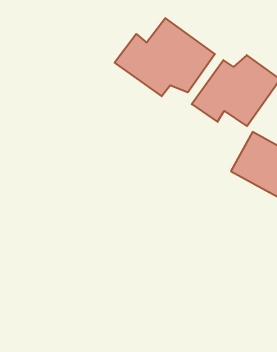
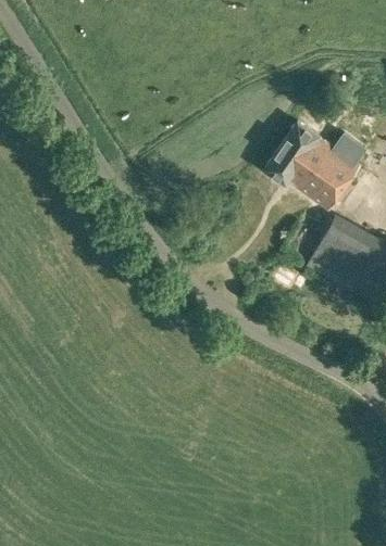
building: [115,18,215,96] -> none

